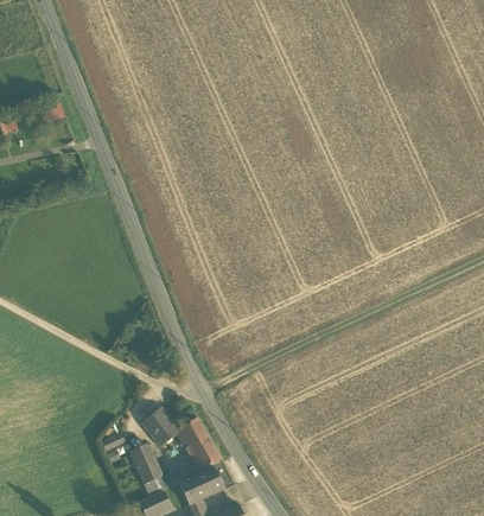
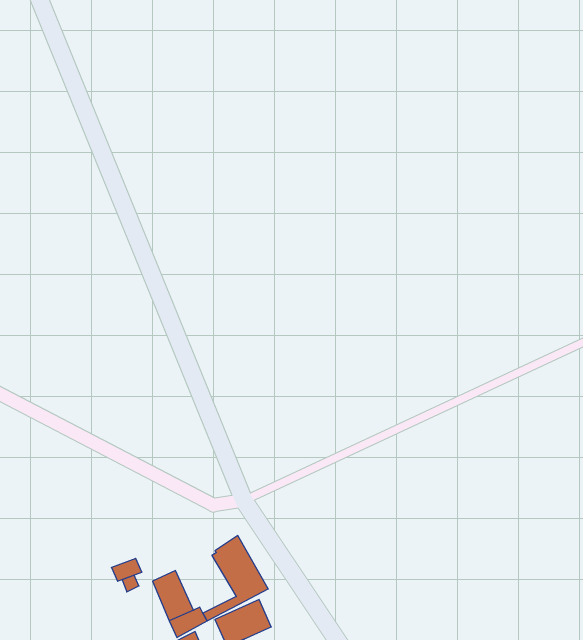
building: [142,408,180,446] -> none

